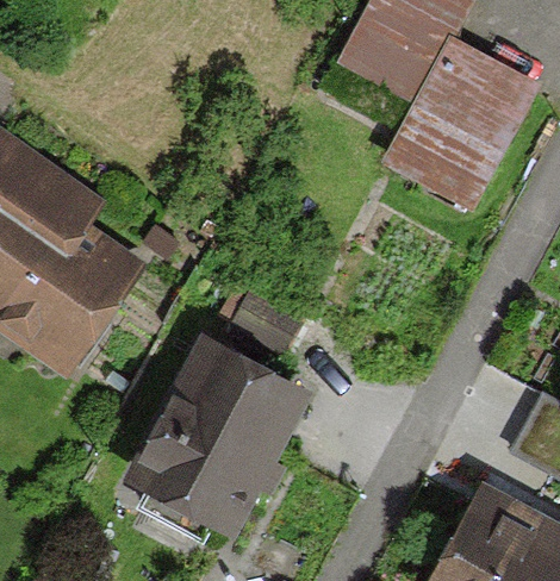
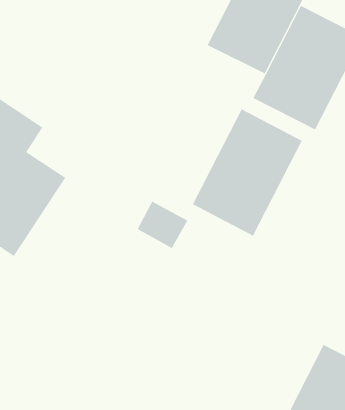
building: none -> [192,108,303,237]
building: [125,345,309,543] -> none

